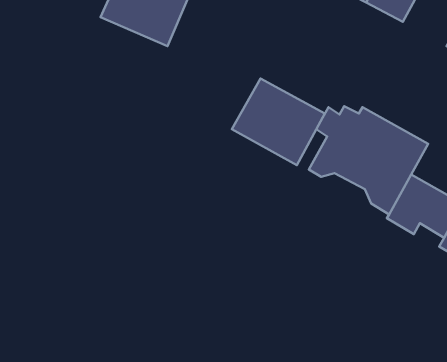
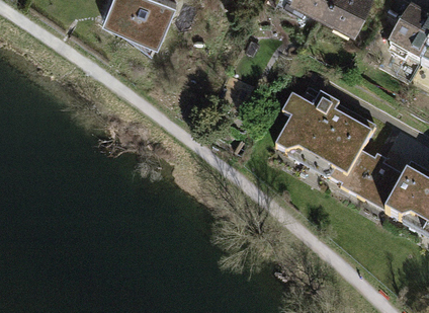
building: [232,78,325,165] -> none

